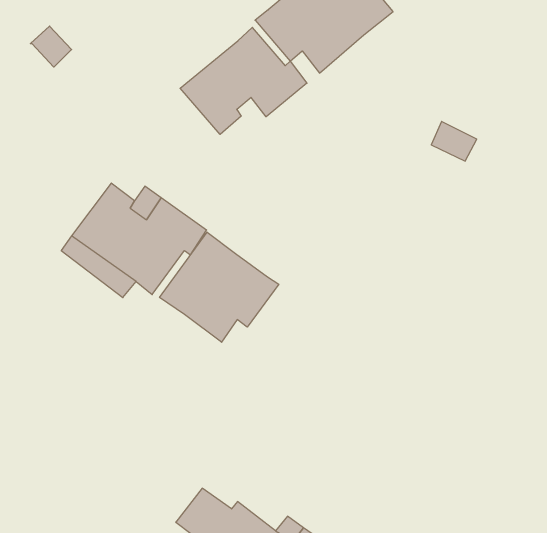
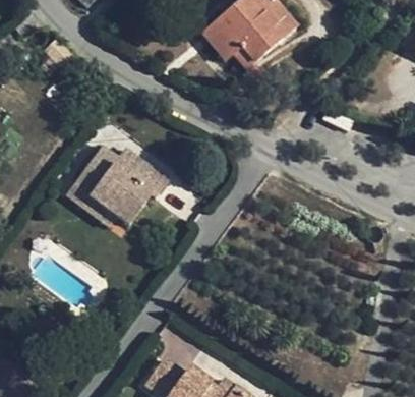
building: [180,27,307,134] -> none
building: [160,232,279,342] -> none

